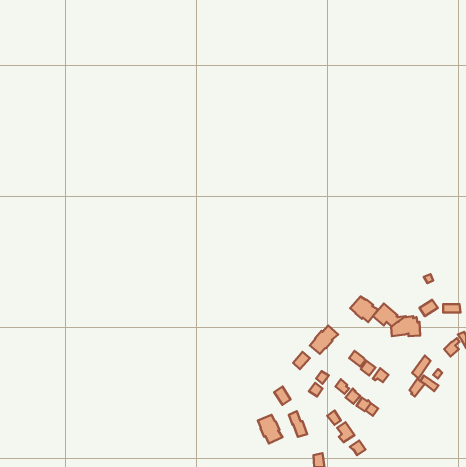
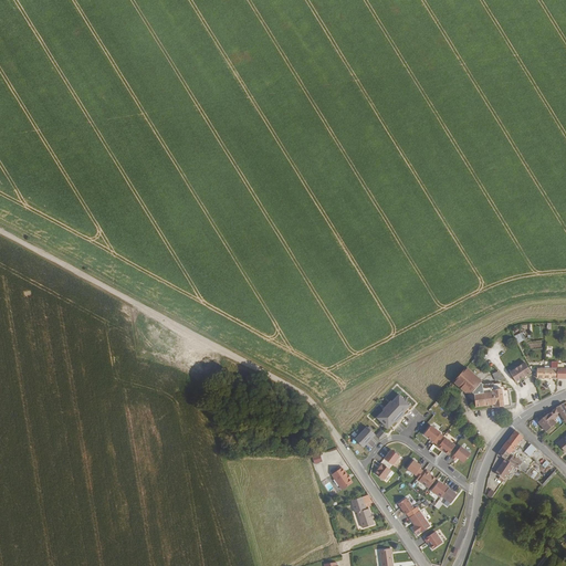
building: [350,296,378,322] -> none
building: [258,415,283,444] -> none

